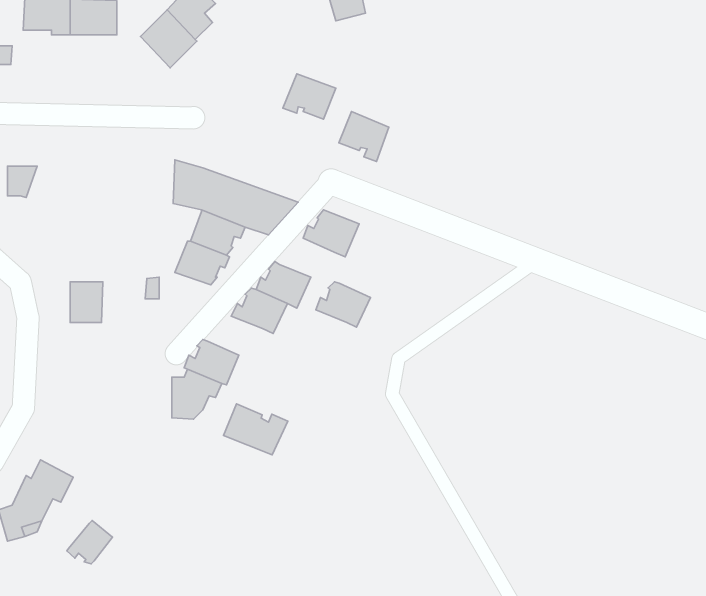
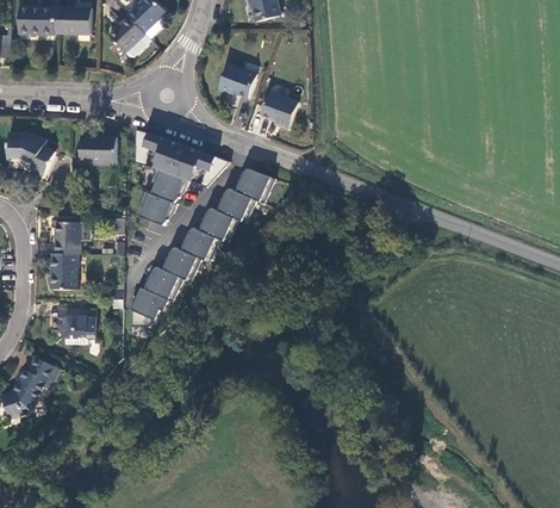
building: none -> [21,132,54,174]
building: none -> [80,135,116,162]
building: [316,282,370,327] -> [214,186,256,221]
building: none -> [160,244,201,280]
building: none -> [51,252,76,287]
building: none -> [56,305,95,343]
building: [223,404,288,455] -> none
building: [67,520,113,564] -> none

